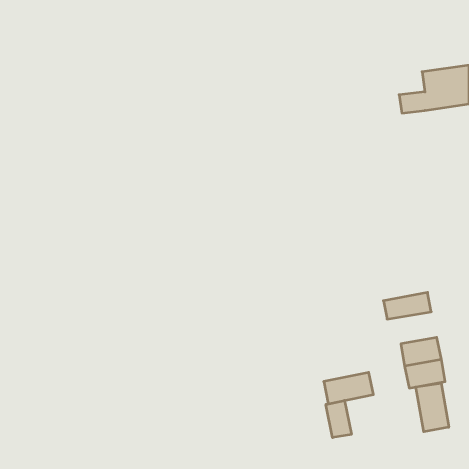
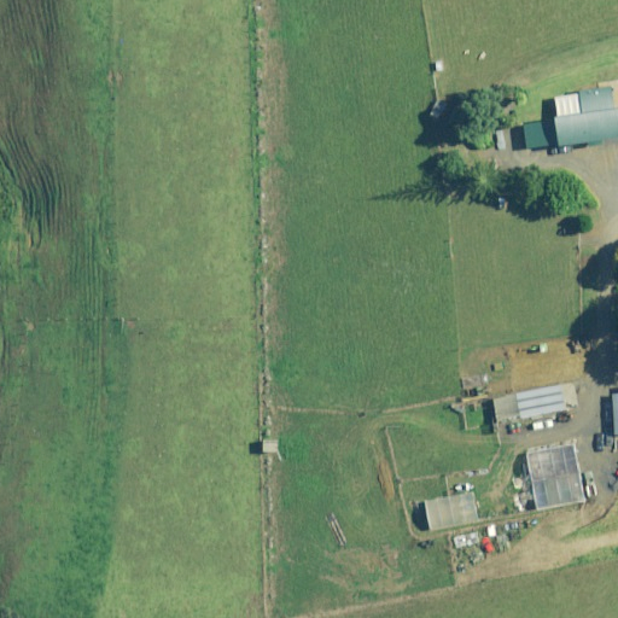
building: [416,383,449,432] -> none
building: [326,400,351,438] -> none

